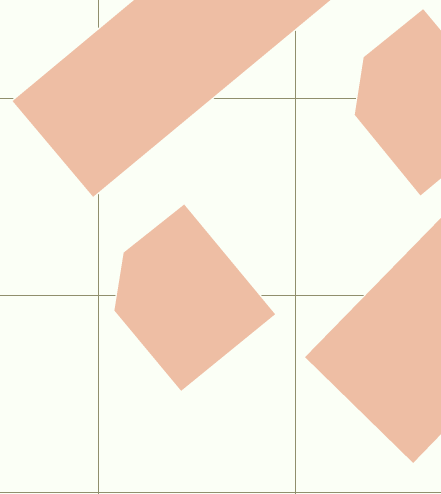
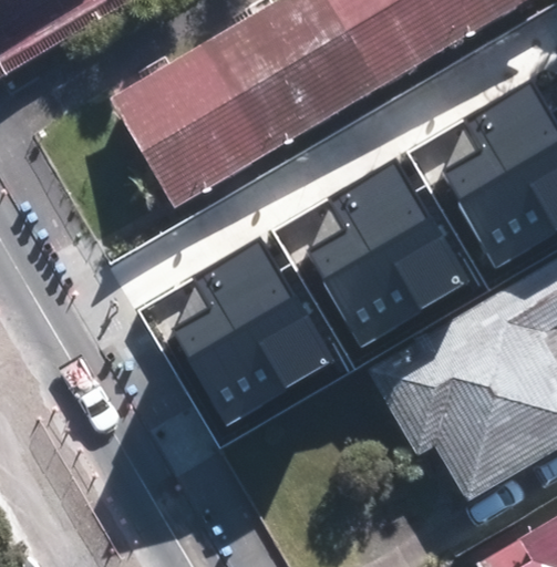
building: none -> [310,152,467,336]

